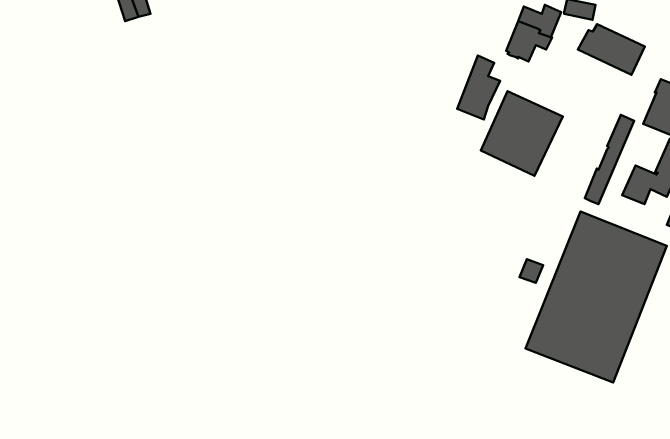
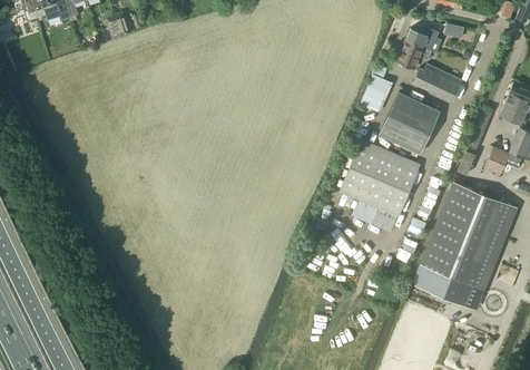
building: [578,24,645,75] -> [412,64,462,101]
building: none -> [337,139,420,233]

